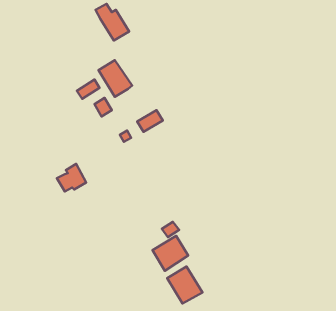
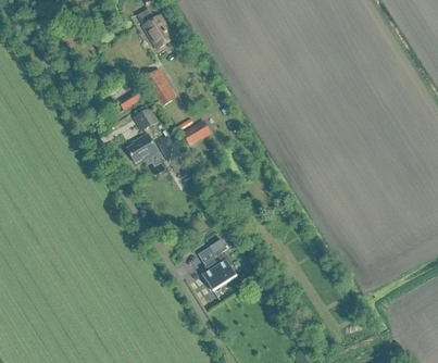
building: [57,164,86,192] -> [127,134,159,163]
building: [167,266,203,304] -> none

